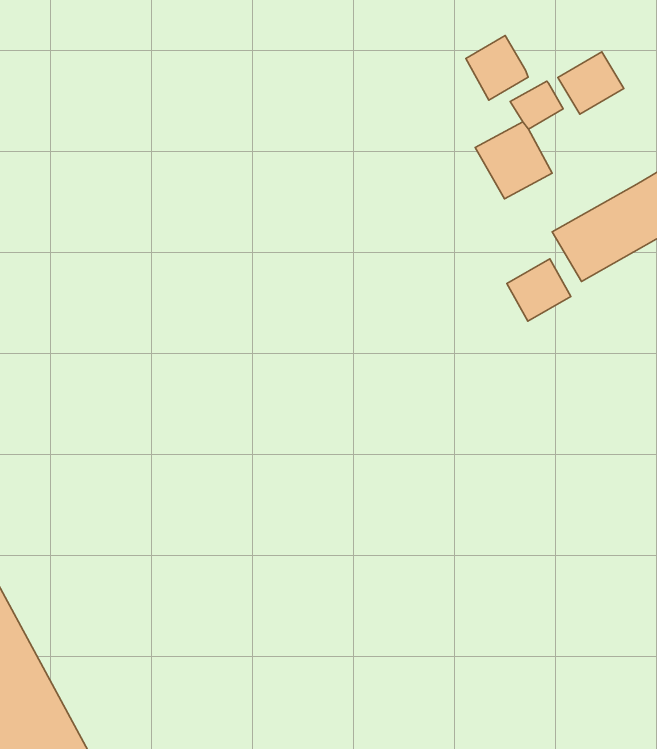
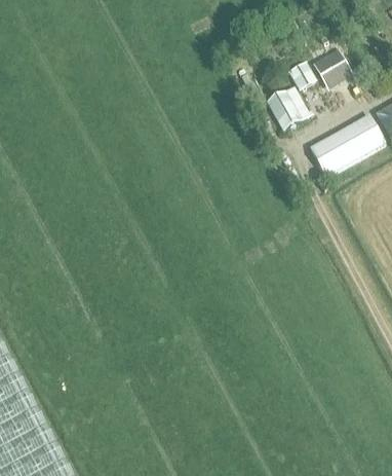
building: [466,36,528,100] -> none
building: [507,259,571,321] -> none

